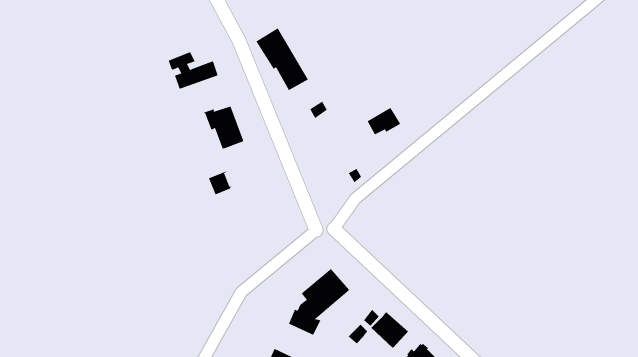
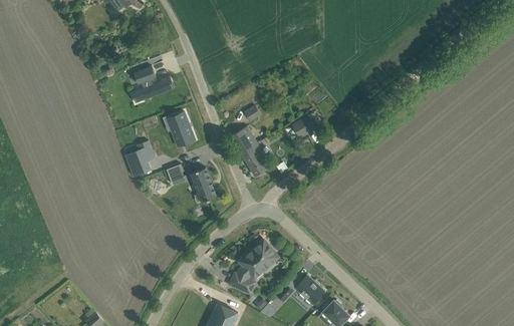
building: [255,28,309,91] -> [228,126,270,177]
building: none -> [124,139,155,176]
building: none -> [189,168,216,203]

